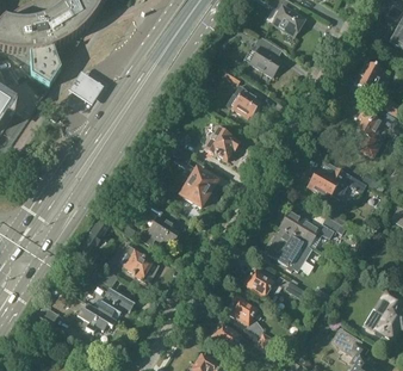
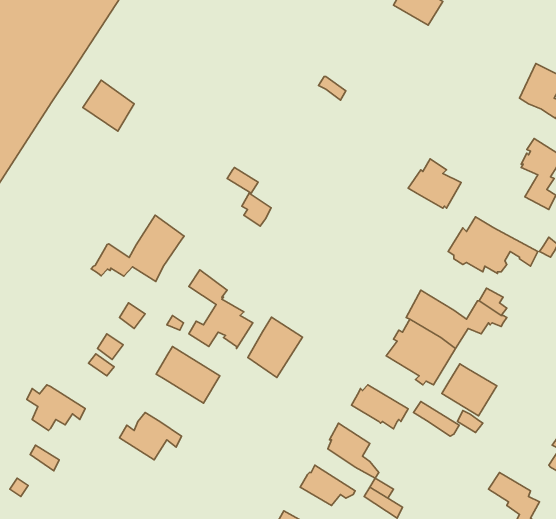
building: [249,35,283,76] -> none
building: [225,85,260,117] -> [408,159,461,208]
building: [206,128,240,157] -> none
building: none -> [91,215,184,281]
building: [180,167,216,206] -> [248,317,303,377]
building: none -> [442,364,497,416]
building: [78,304,116,334] -> [27,385,85,430]

